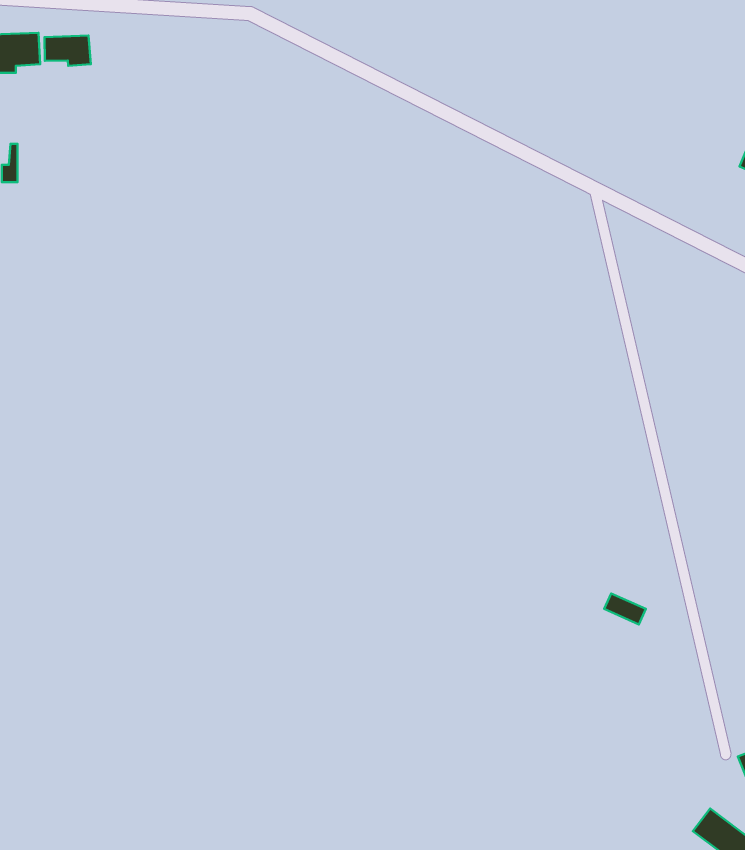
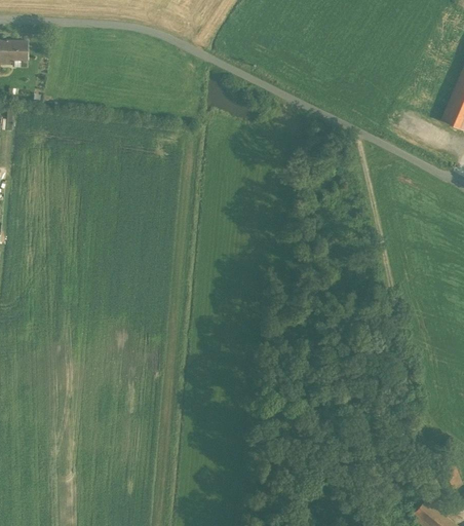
building: [44,36,91,66] -> none

